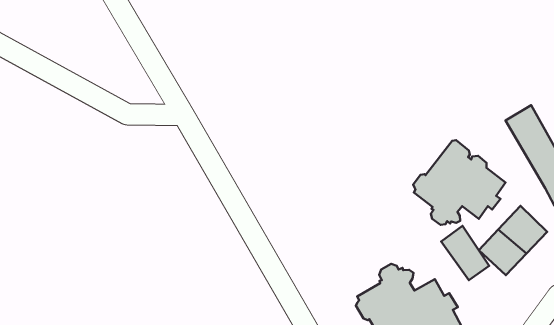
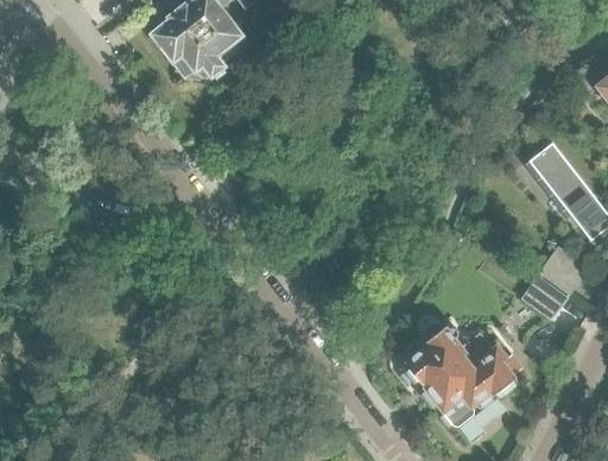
building: [413,140,505,225] -> none
building: [441,226,489,280] -> none

